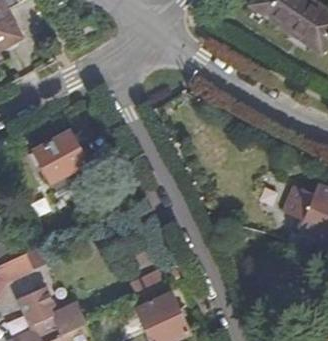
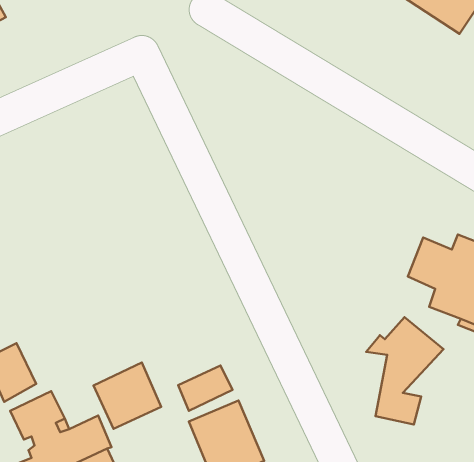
building: [32,129,89,189] -> none
building: none -> [366,317,444,424]
building: none -> [93,363,161,429]

